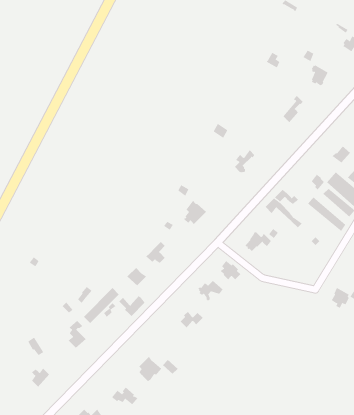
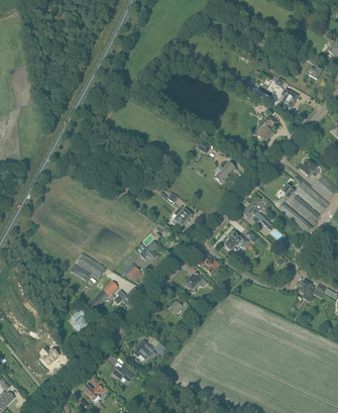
building: none -> [71,252,106,280]

